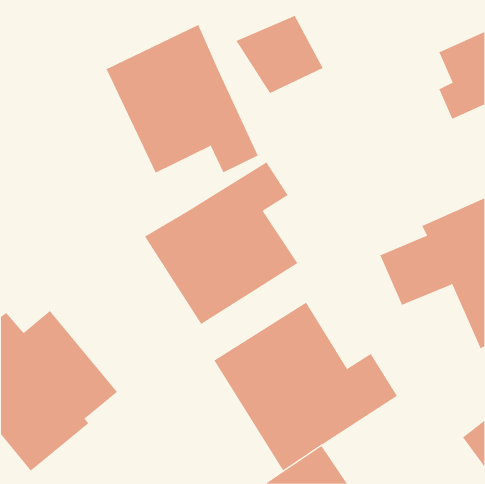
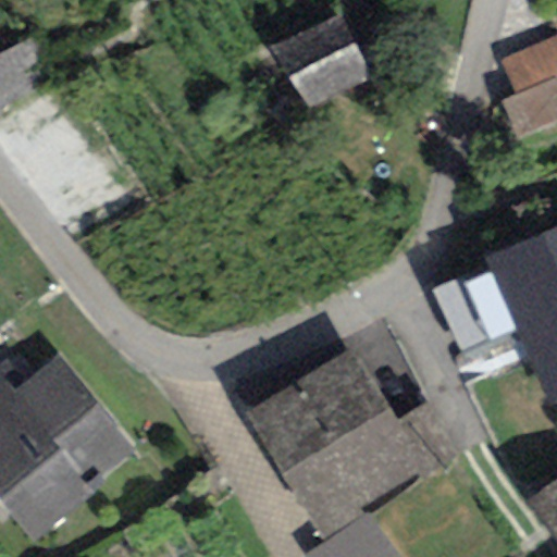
building: [106,24,259,174] -> none
building: [144,162,298,325] -> none

